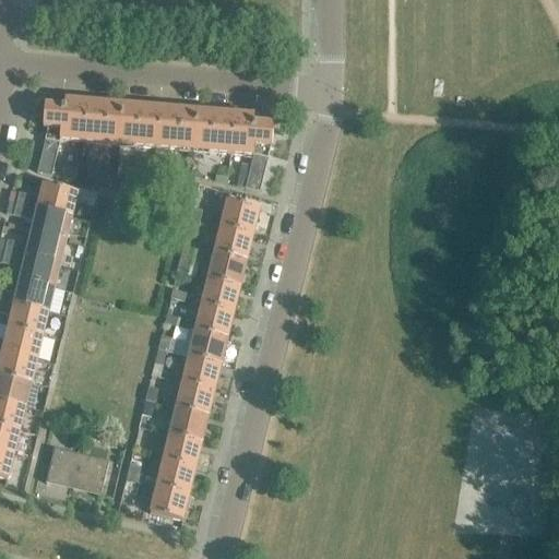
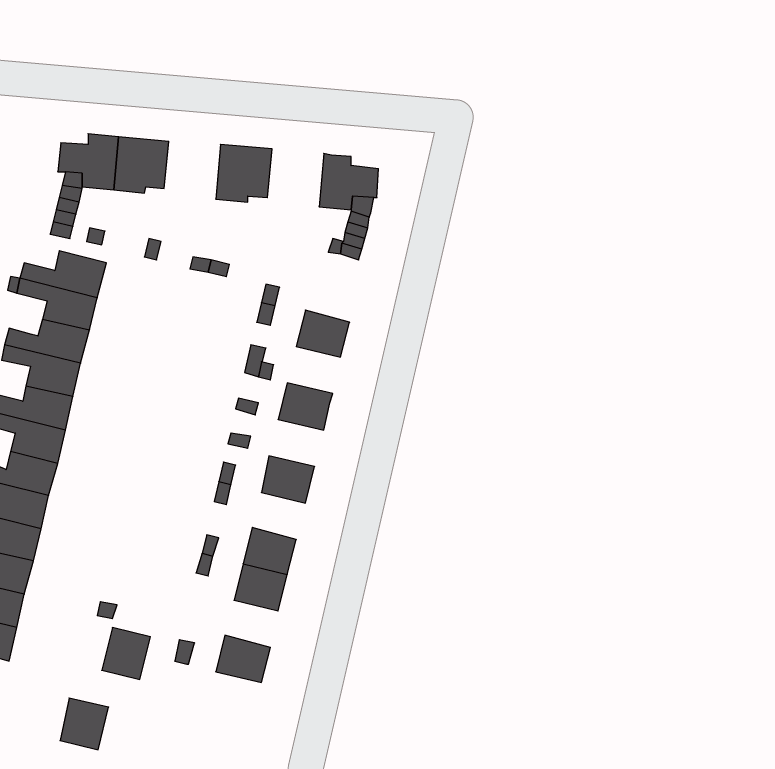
building: [118,102,158,143] -> none
building: [192,107,233,148] -> none
building: [219,197,258,231] -> none
building: [206,249,245,283] -> none
building: [193,301,233,335] -> none
building: [181,354,219,388] -> none
building: [162,431,200,465] -> none
building: [46,444,81,481] -> [60,698,109,750]
building: [141,480,188,516] -> none

